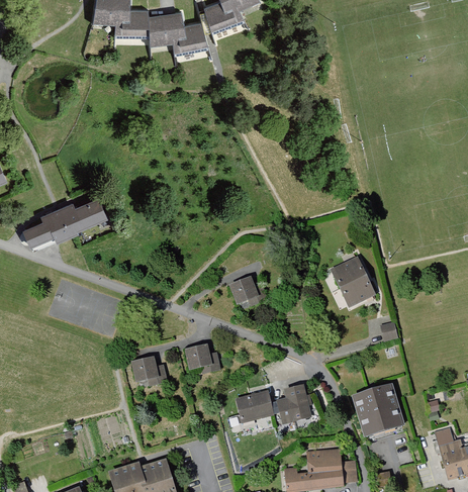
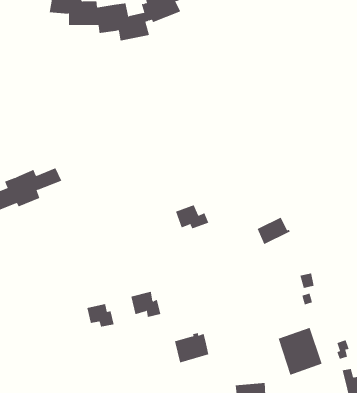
building: [338,273,376,306] -> none
building: [228,277,268,305] -> [175,205,209,229]
building: [272,386,312,425] -> none

